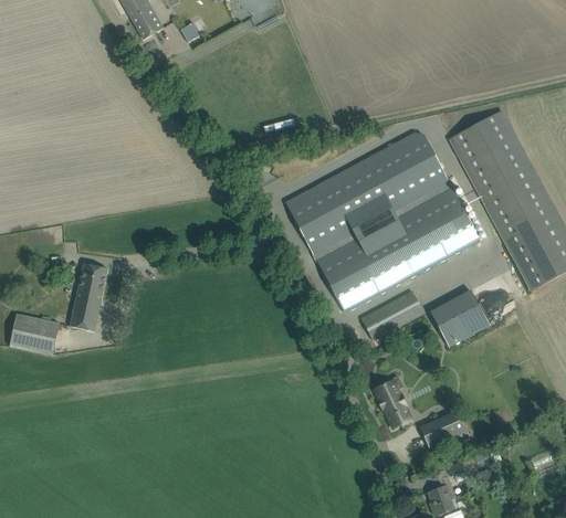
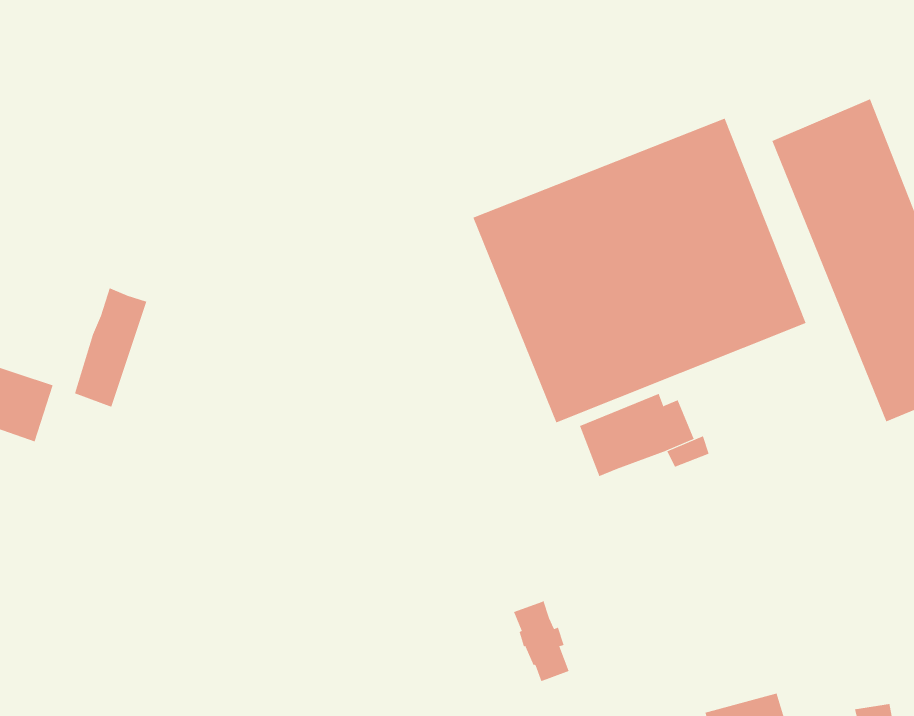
building: [432,284,488,342] -> none
building: [374,380,409,426] -> [513,600,569,682]
building: [419,410,467,447] -> none

